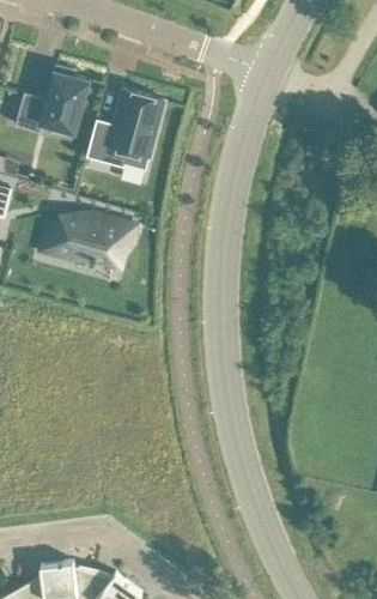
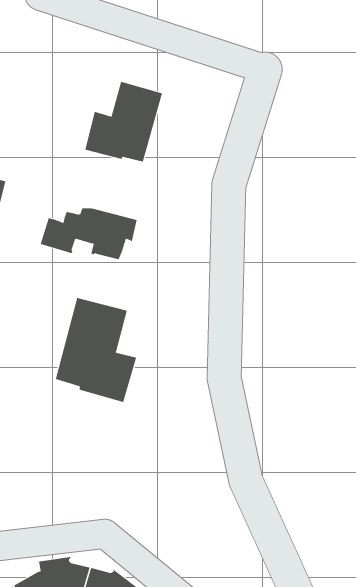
building: [13,66,89,132] -> none
building: none -> [55,297,137,403]

